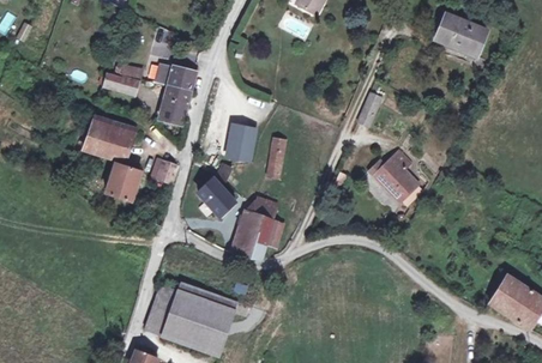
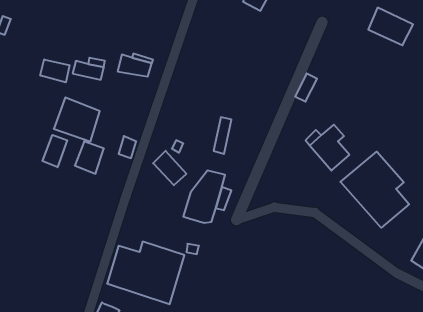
building: none -> [40,59,69,82]
building: [161,87,189,123] -> none
building: [224,125,254,158] -> none
building: none -> [42,135,67,167]
building: none -> [340,152,409,228]

